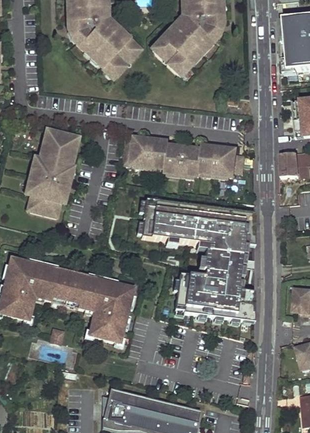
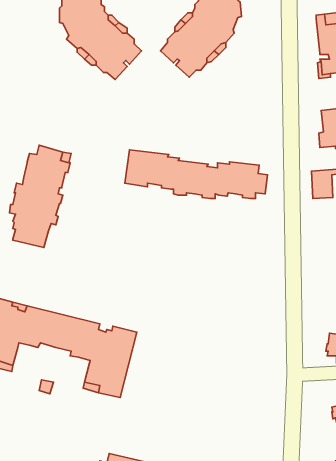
building: [139,198,254,321] -> none

